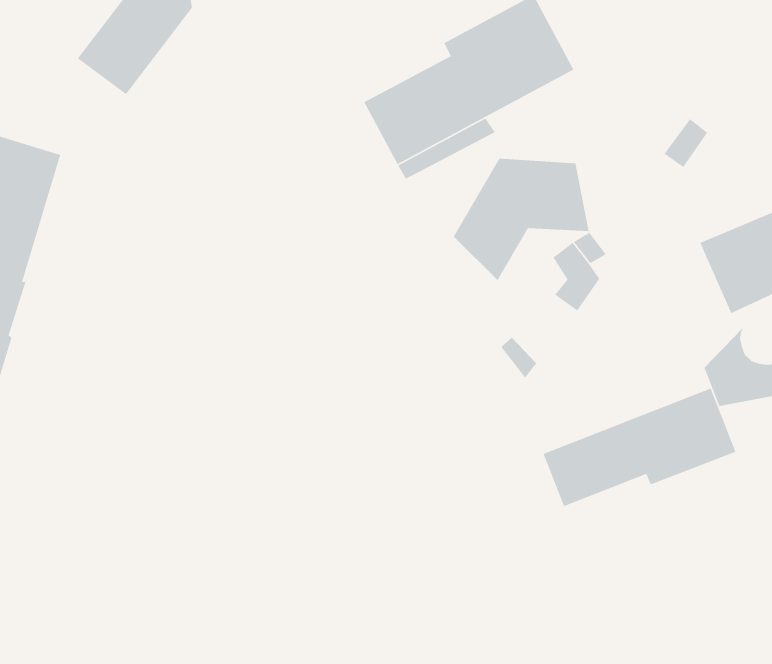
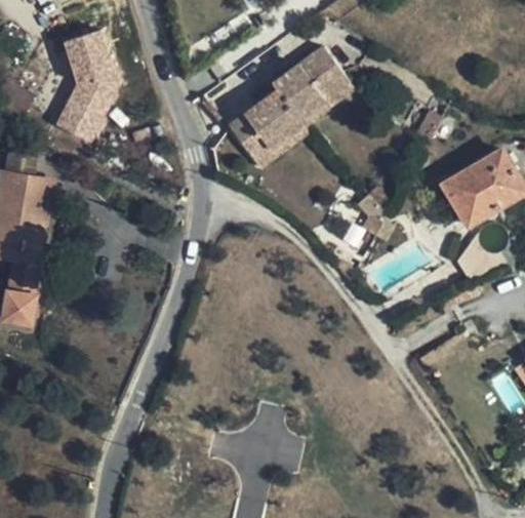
building: [453,158,589,281] -> none
building: [543,388,736,507] -> none

